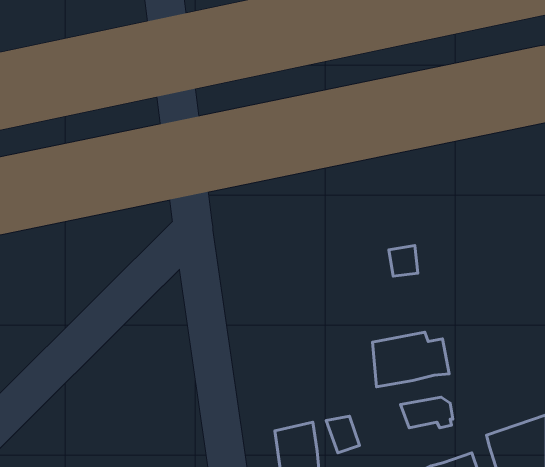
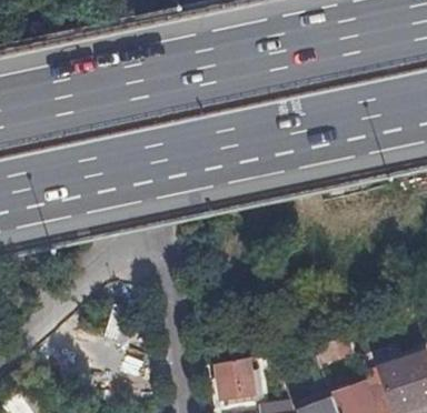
building: [372,332,449,387] -> none

